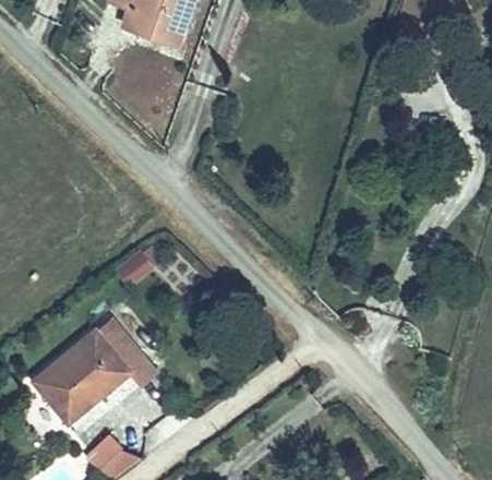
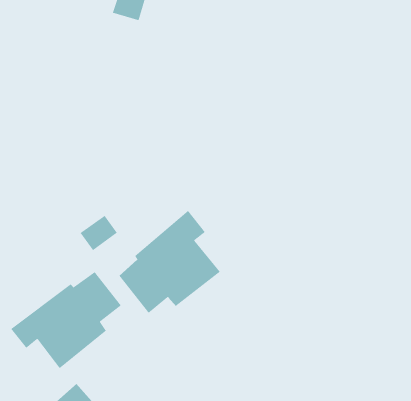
building: none -> [118,210,221,314]

